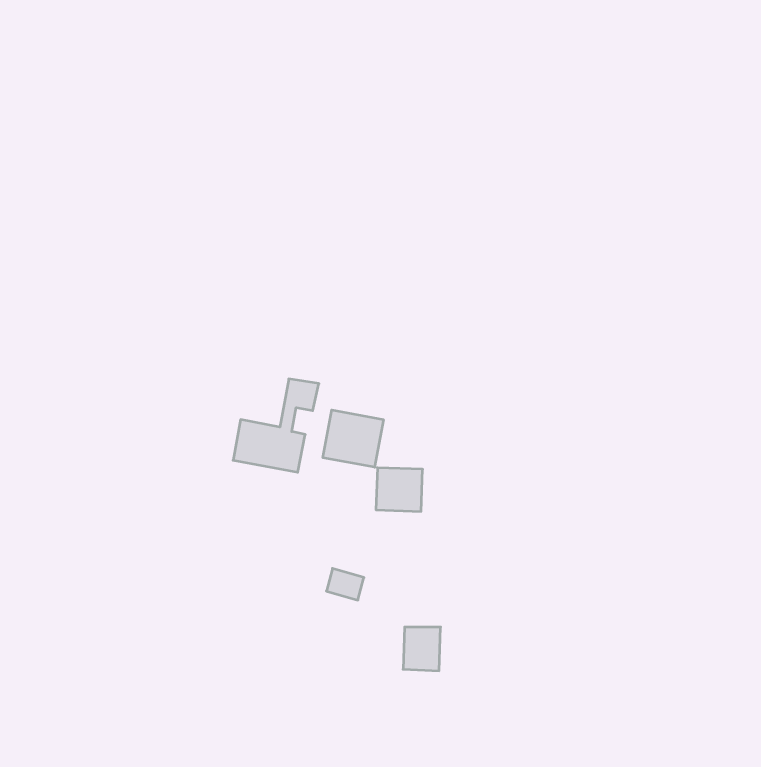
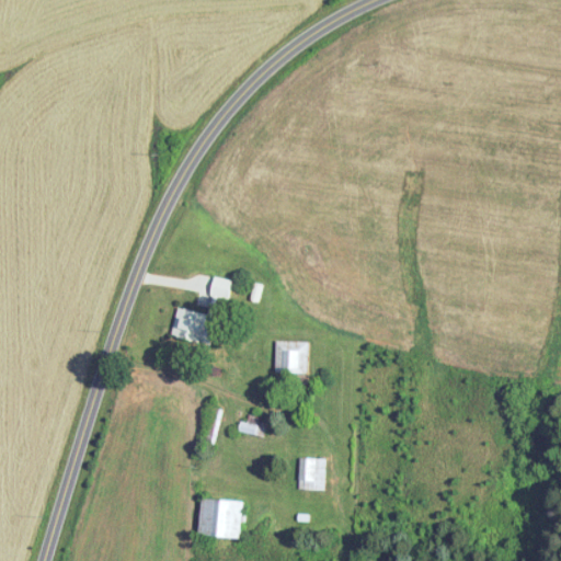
building: [323,410,383,467] -> none
building: none -> [199,497,245,537]

